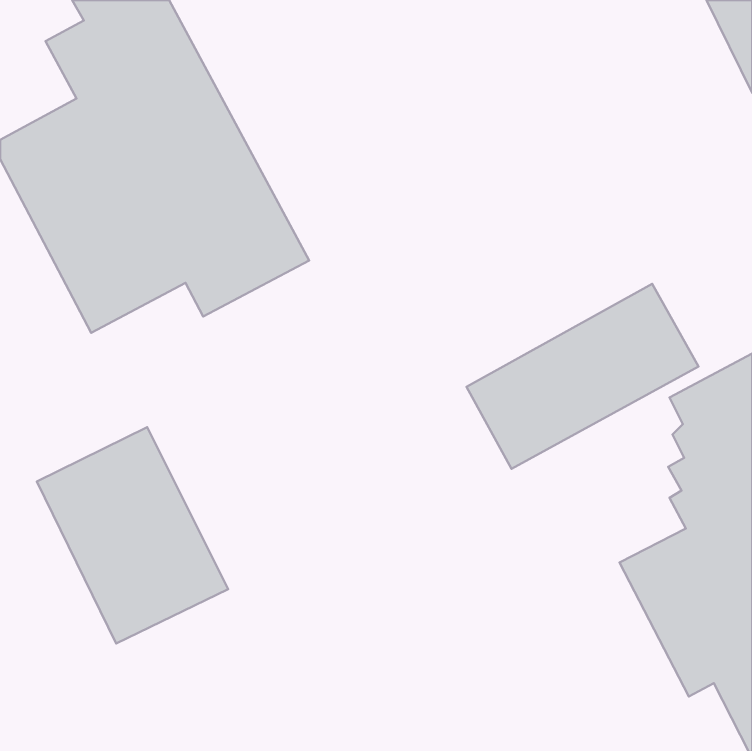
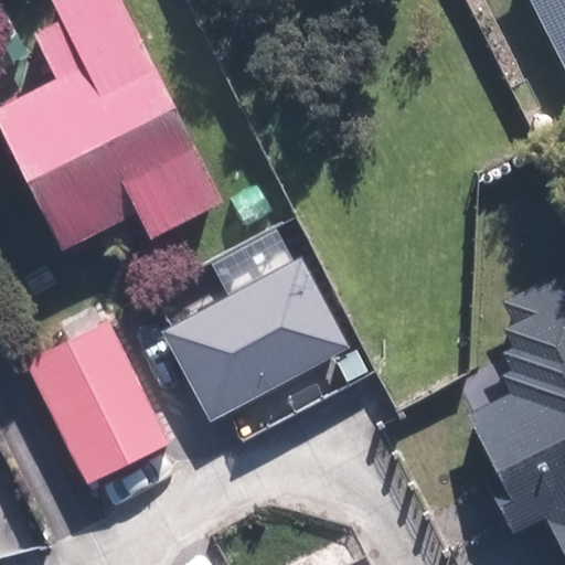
building: [466,284,698,469] -> none
building: none -> [167,260,347,419]

